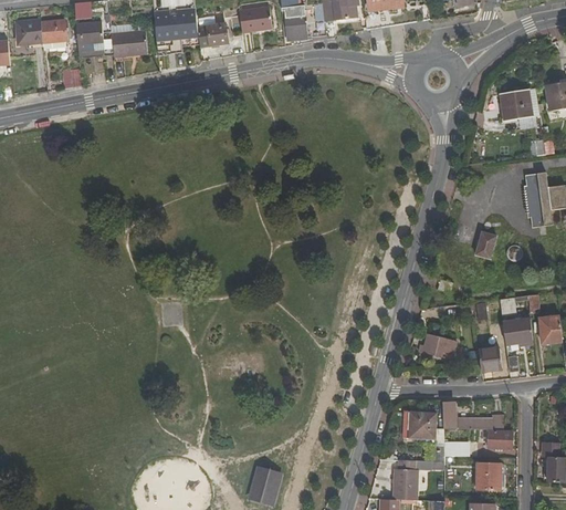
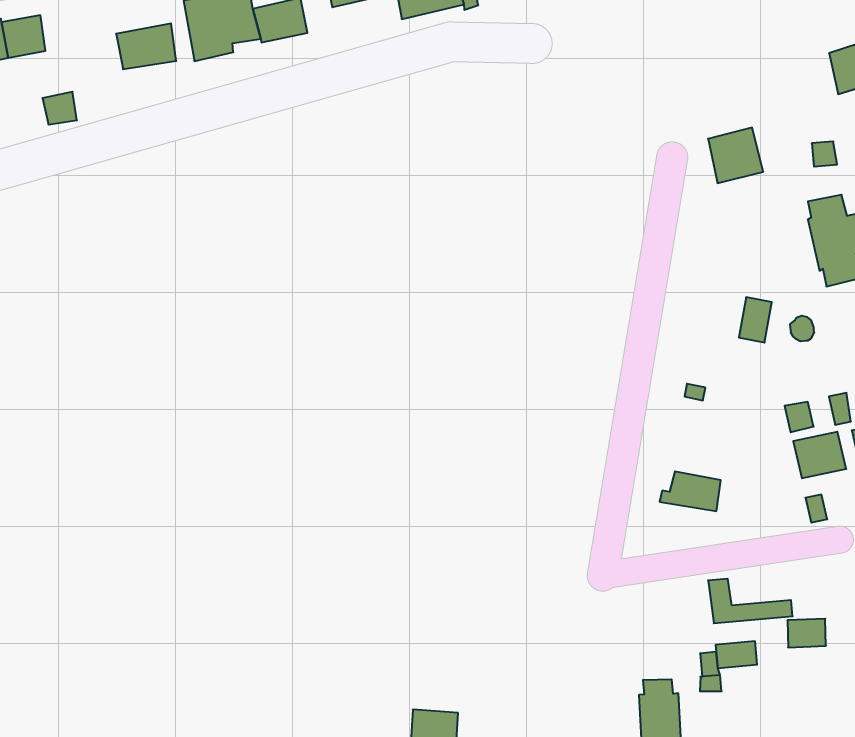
building: [75,21,112,56] -> none
building: [500,89,532,121] -> [708,128,763,183]
building: [478,347,501,372] -> none
building: [408,412,436,439] -> none
building: [476,464,501,490] -> none

